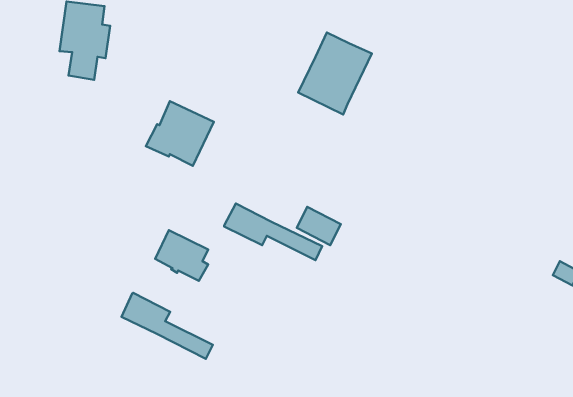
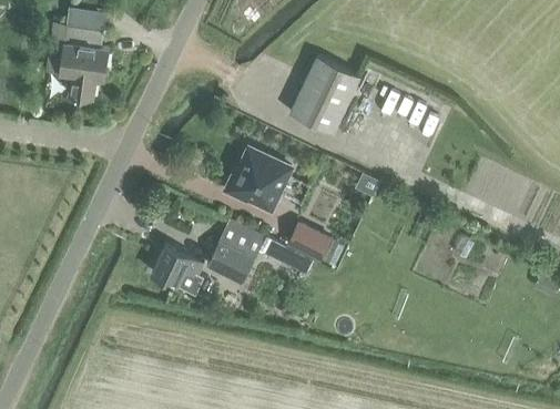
building: [146,101,214,166] -> [225,149,291,211]
building: none -> [207,243,255,284]
building: [121,293,213,359] -> none

